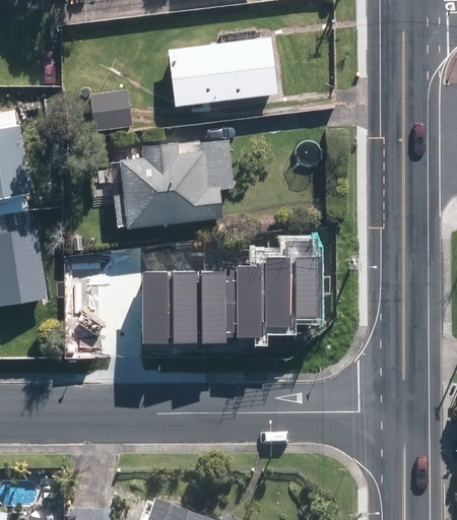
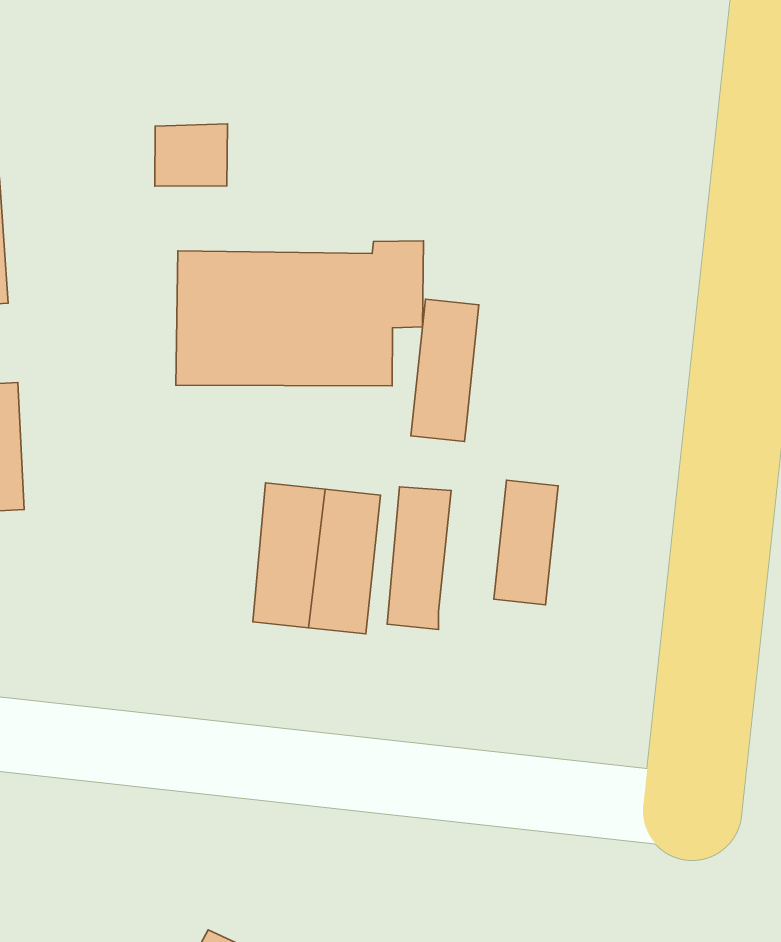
building: [171,41,276,94] -> none
building: [260,258,287,328] -> [411,299,479,442]
building: [139,272,167,343] -> none

